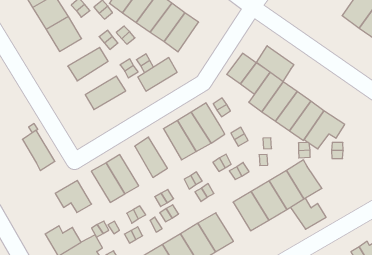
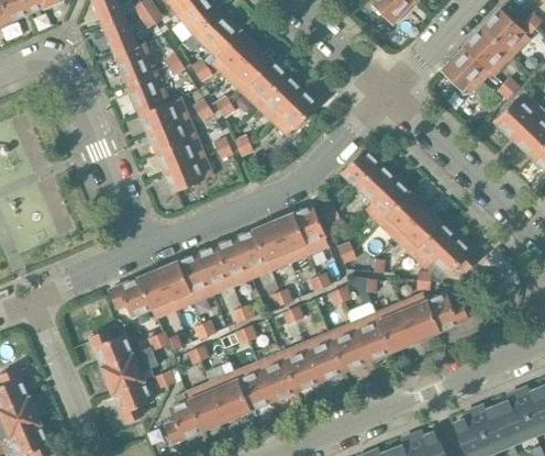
building: none -> [141,97,191,134]
building: [256,46,294,81] -> none
building: [138,58,177,91] -> [157,135,207,173]
building: none -> [235,229,271,278]
building: [22,130,55,171] -> [140,268,176,319]
building: none -> [197,245,233,294]
building: [291,198,326,229] -> [425,292,467,331]
building: none -> [304,332,344,380]

